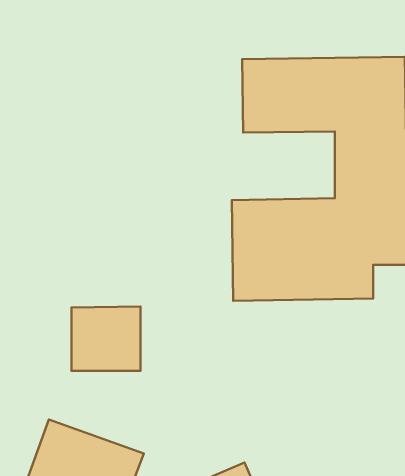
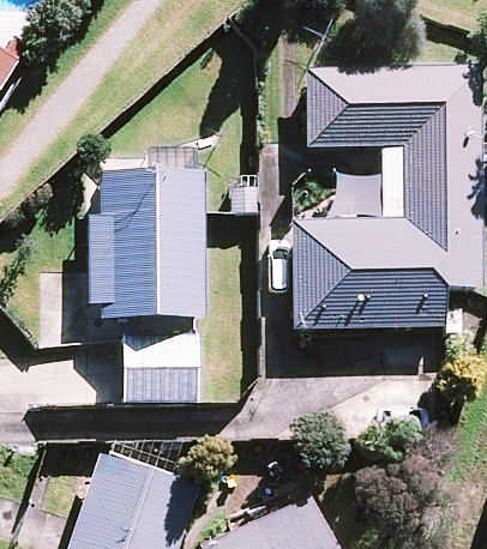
building: none -> [88,171,203,318]

